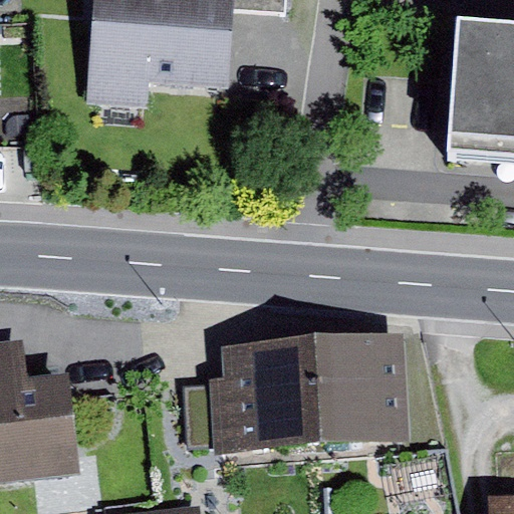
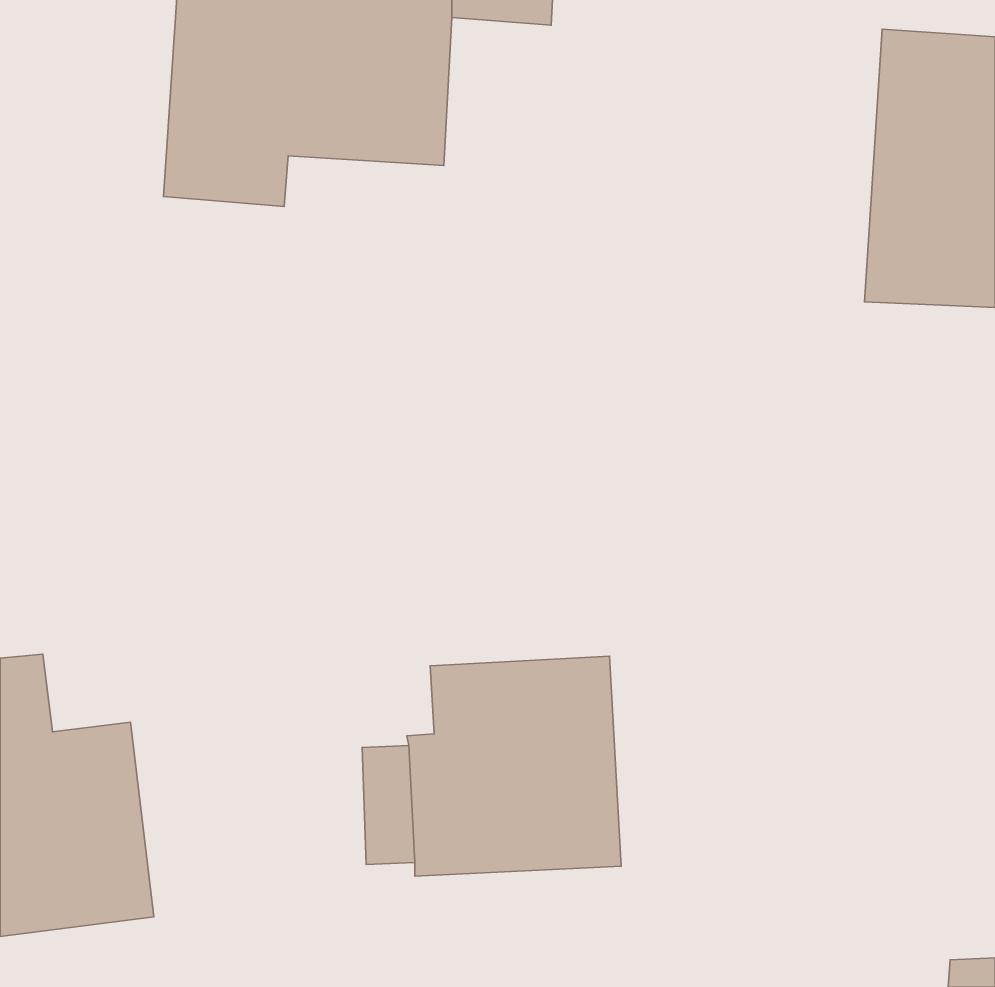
building: [314,333,410,447] -> none

